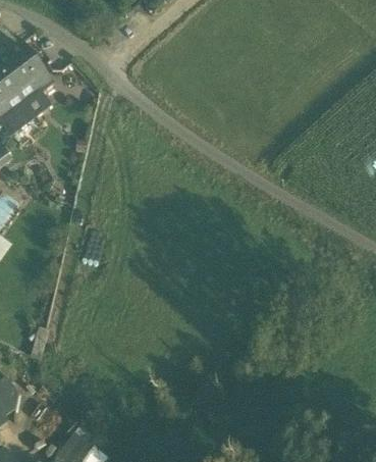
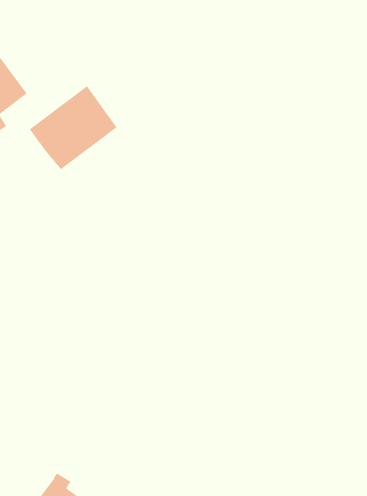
building: none -> [29,85,117,170]

